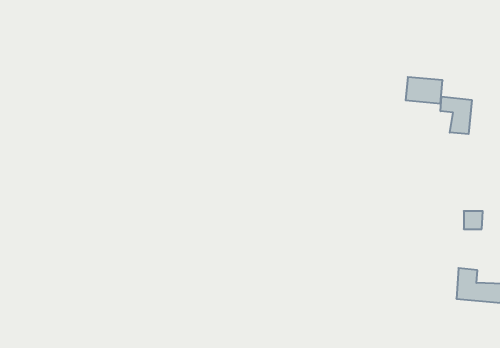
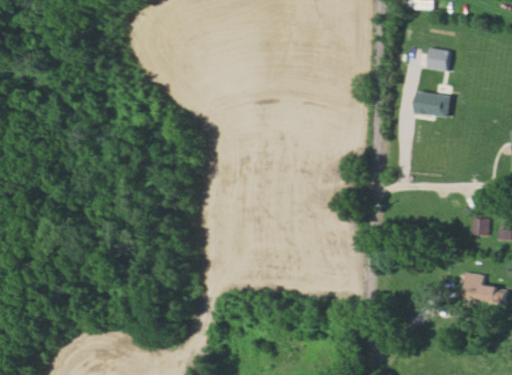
building: none -> [427,48,449,70]
building: [441,97,472,134] -> none

